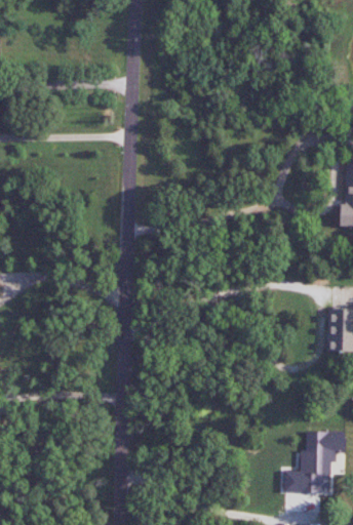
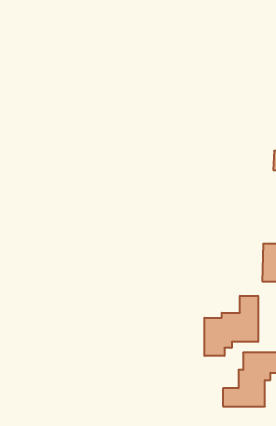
building: none -> [204,296,258,356]

